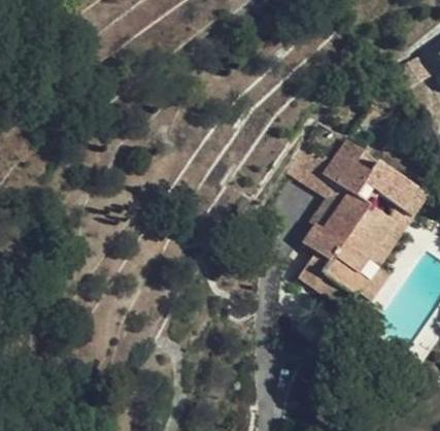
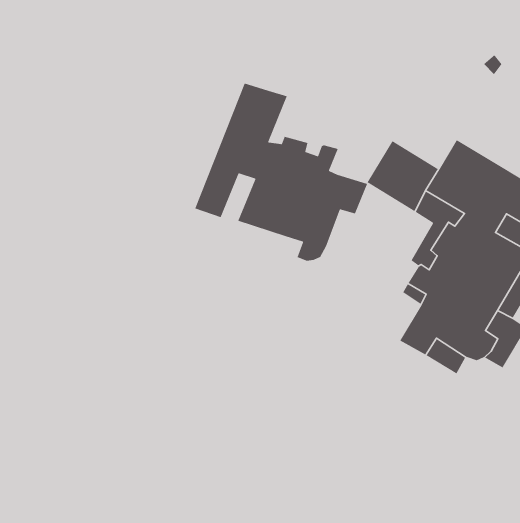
building: none -> [194,82,368,261]

